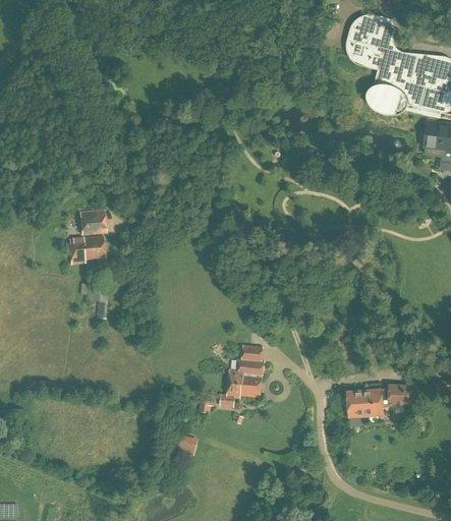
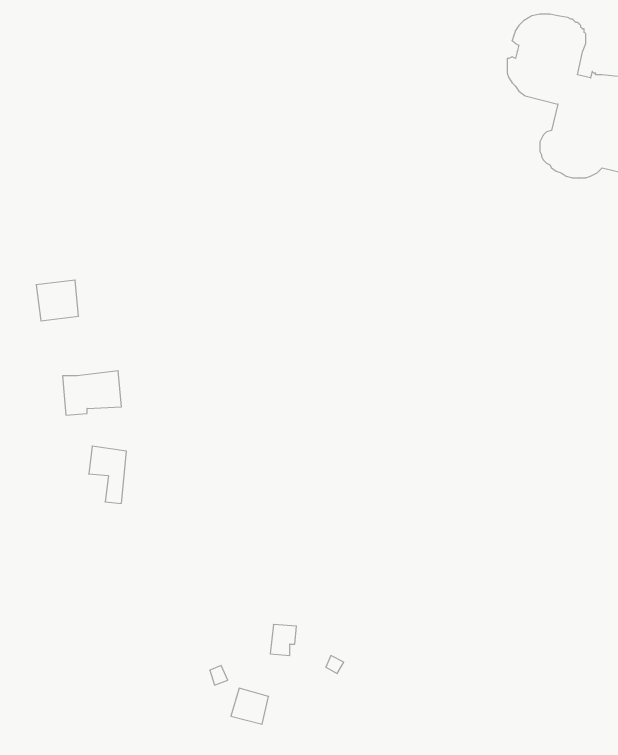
building: [78,210,105,235] -> [36,280,79,321]
building: [218,345,263,408] -> none
building: [346,386,409,416] -> none

